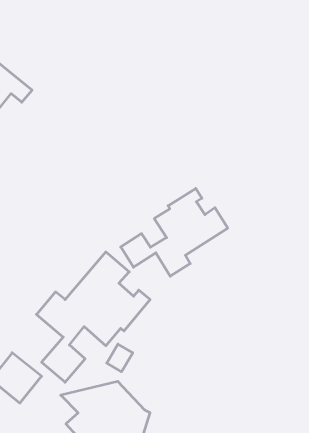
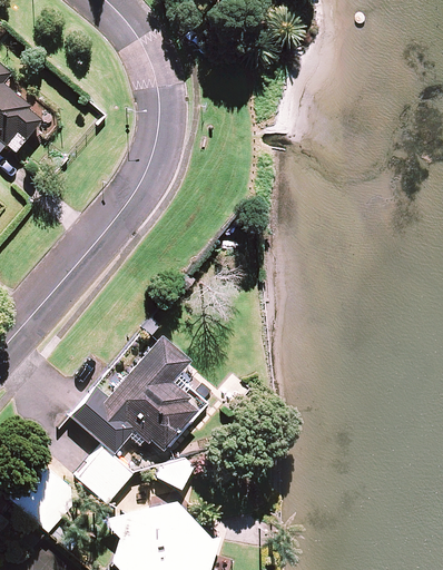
building: [121,188,228,276] -> none

